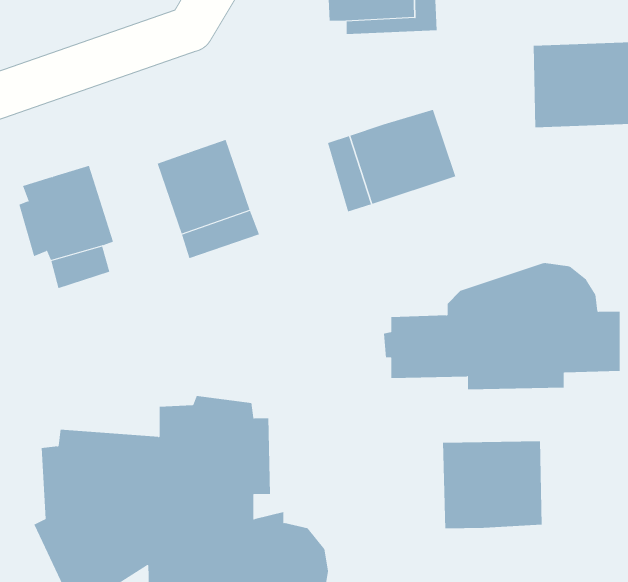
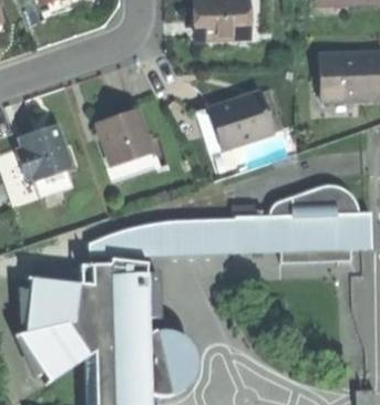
building: none -> [90,214,234,251]
building: [442,440,542,529] -> none

